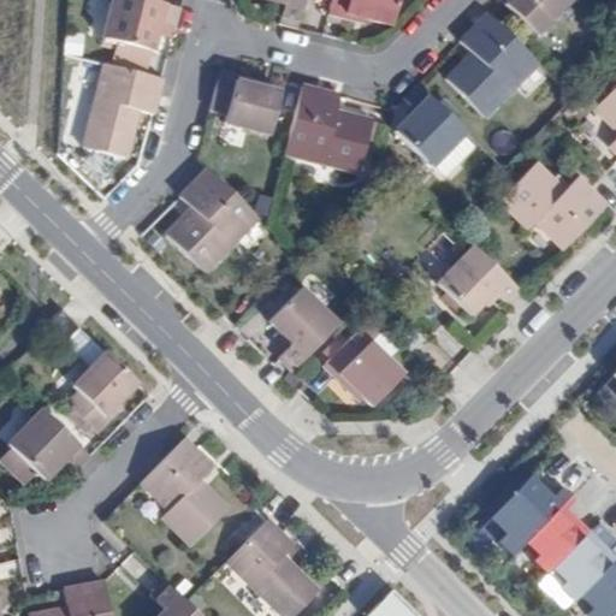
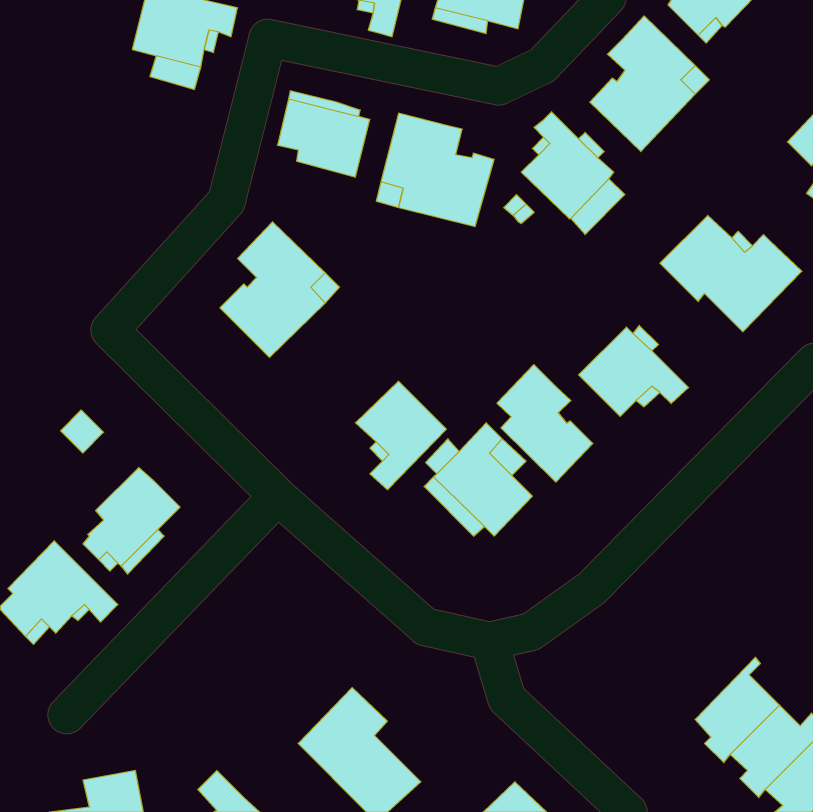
building: [83,63,162,159] -> none
building: none -> [497,365,593,482]
building: [140,437,229,546] -> none
building: [488,475,571,557] -> none

